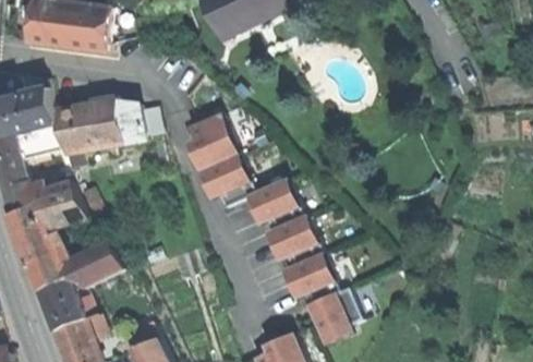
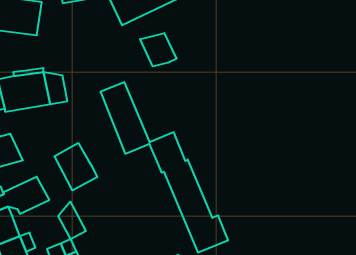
building: none -> [140,33,177,66]
building: none -> [55,143,97,190]
building: none -> [58,202,86,239]

